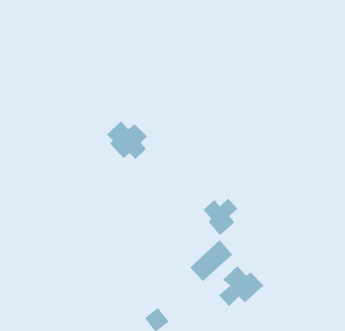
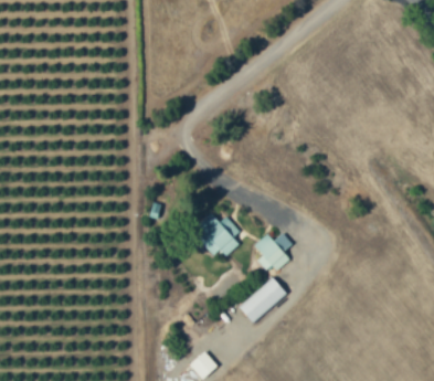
building: [106,120,148,160] -> [193,212,239,255]
building: [218,266,264,307] -> none

